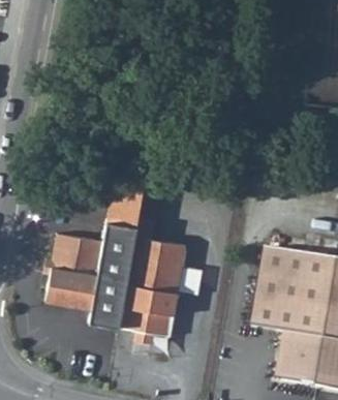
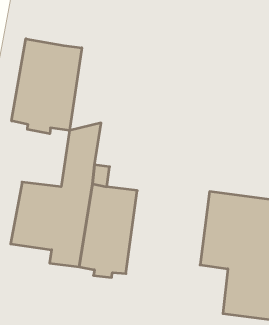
building: none -> [12,39,82,134]

